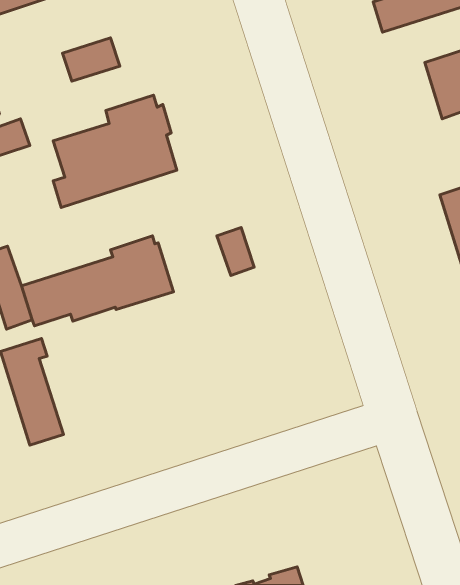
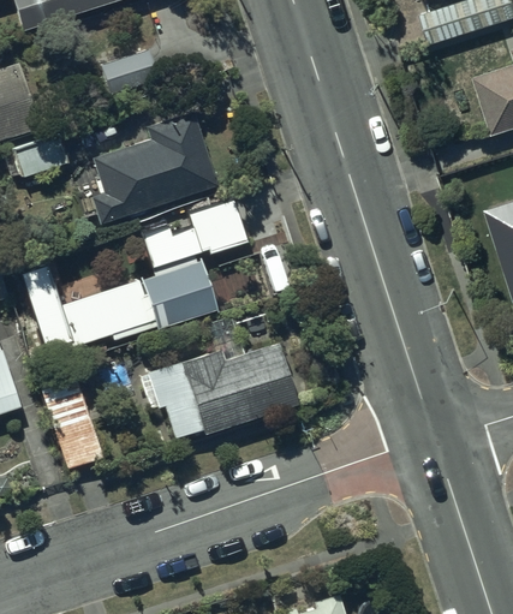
building: none -> [141,198,249,268]
building: none -> [144,314,298,439]

